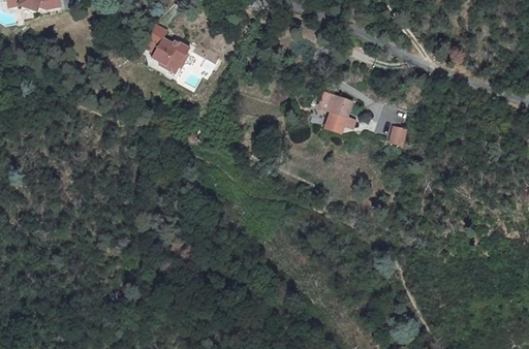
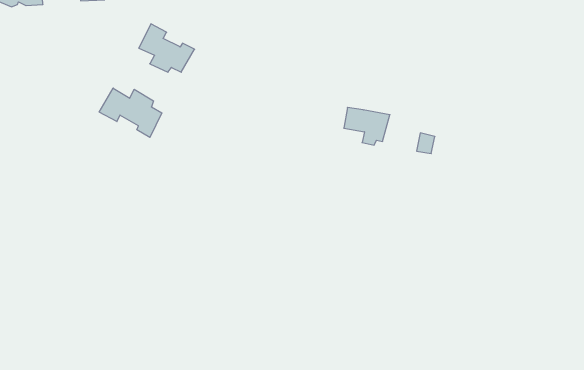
building: none -> [99,88,162,137]

